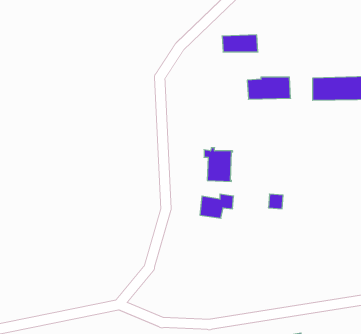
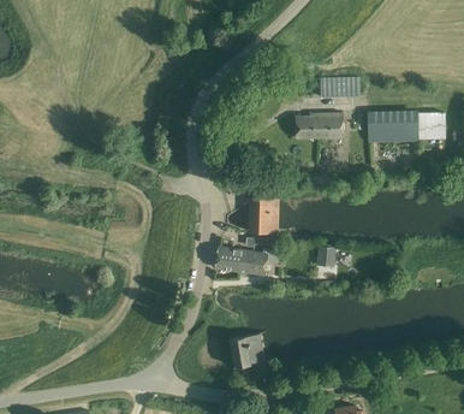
building: [222,35,258,52] -> [320,77,361,96]
building: none -> [215,246,243,271]
building: none -> [230,332,264,367]

